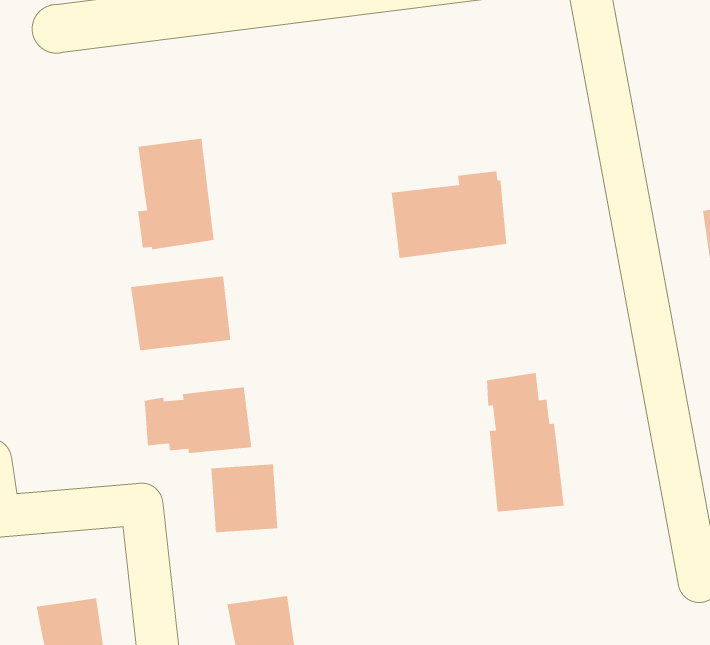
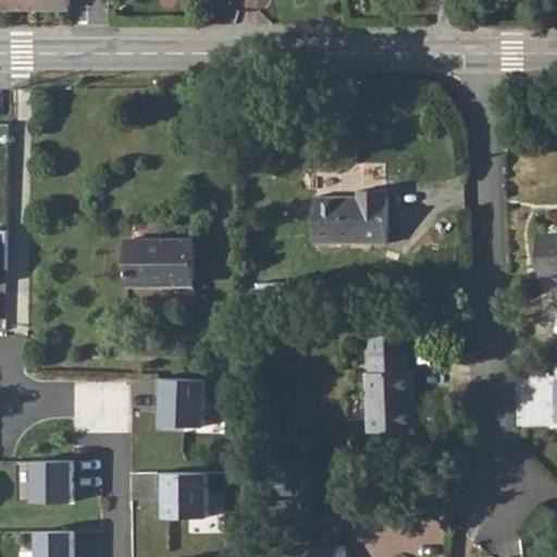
building: [137,138,214,250] -> none
building: [144,386,252,454] -> none

